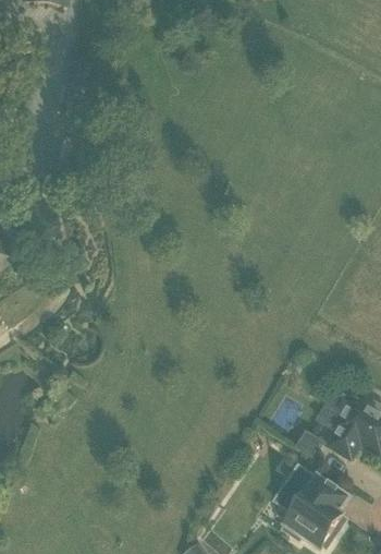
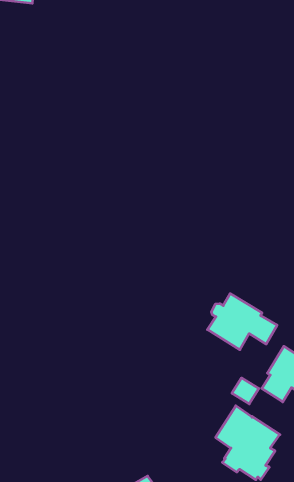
building: none -> [207,294,277,350]

